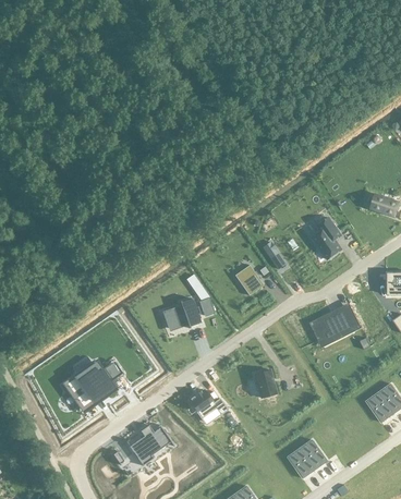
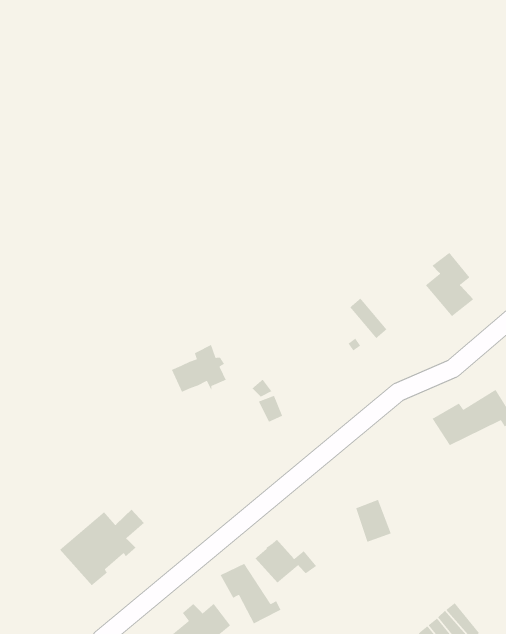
building: [234,265,263,294] -> none
building: [165,297,199,327] -> [171,344,227,393]
building: none -> [220,563,291,624]

